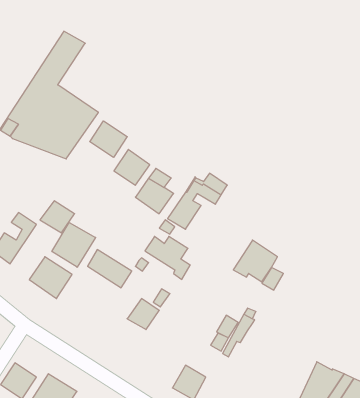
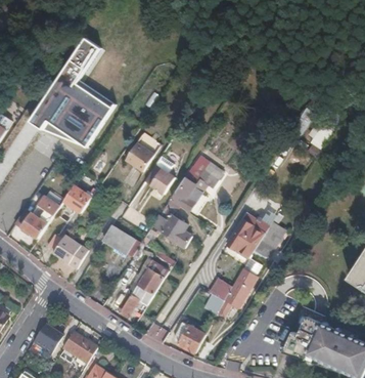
building: [90,121,127,157] -> none
building: [52,223,96,267] -> none
building: none -> [119,294,146,321]

